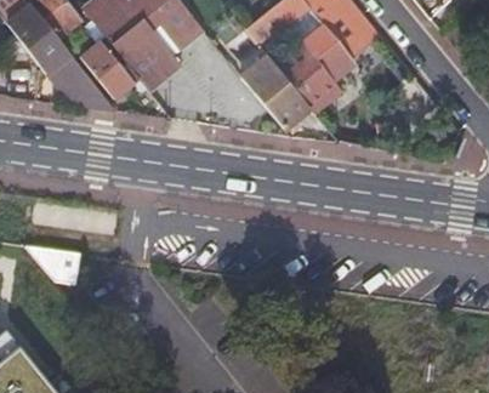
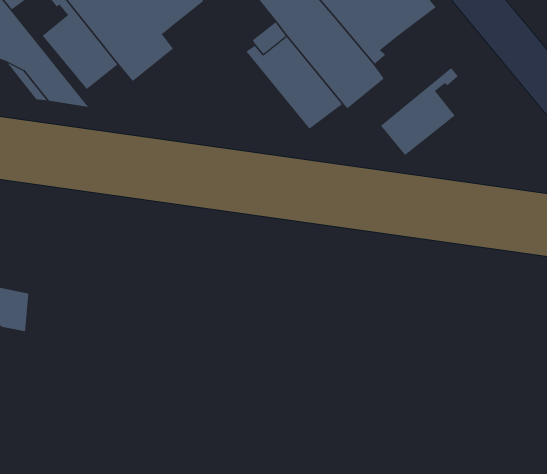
building: none -> [380,67,458,156]

